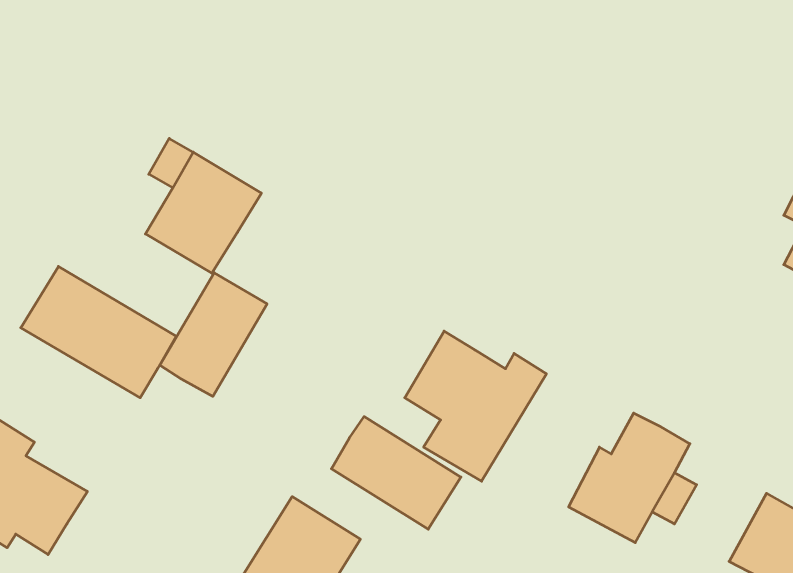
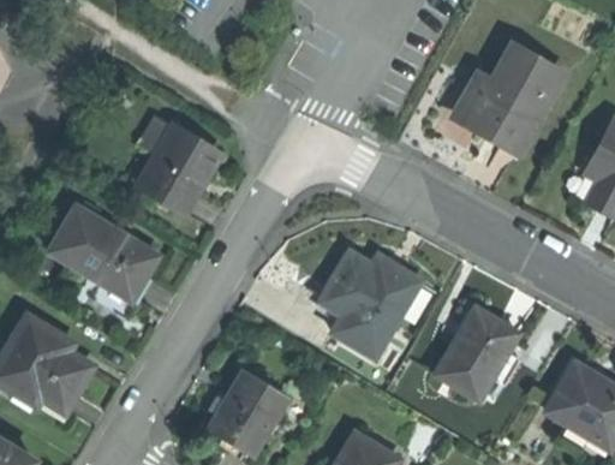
building: none -> [456,48,563,154]
building: [160,273,267,396] -> none
building: [331,417,461,529] -> none

